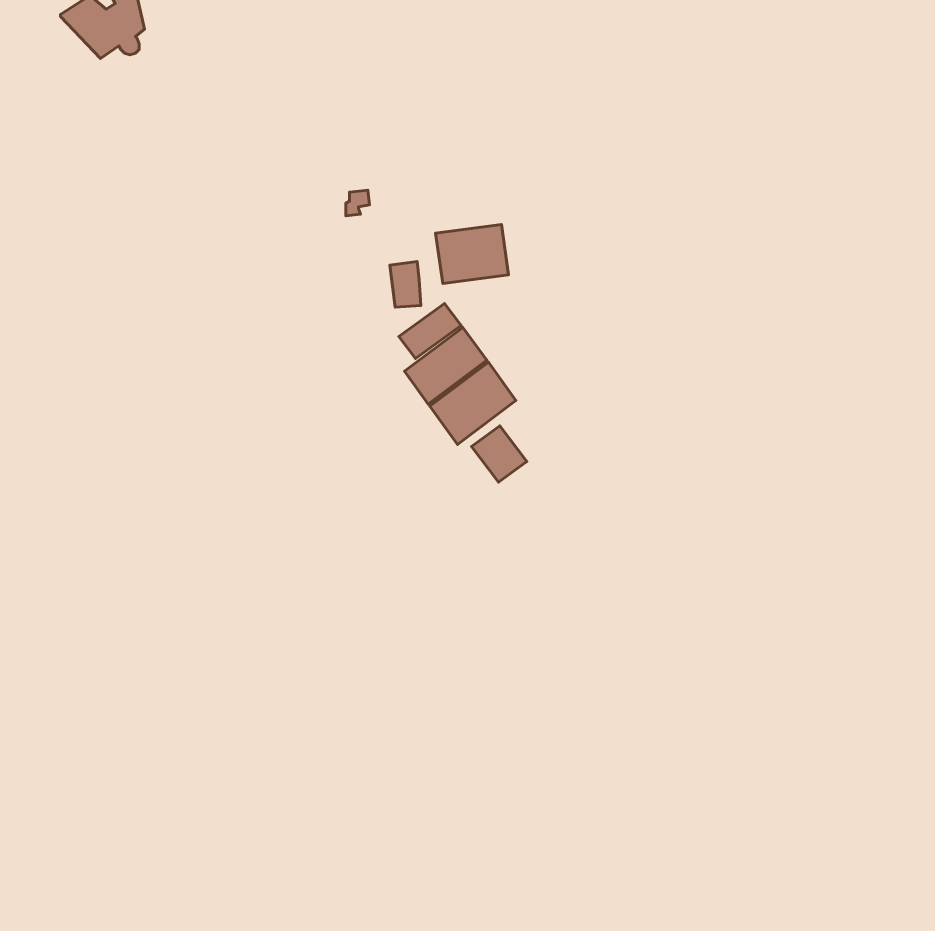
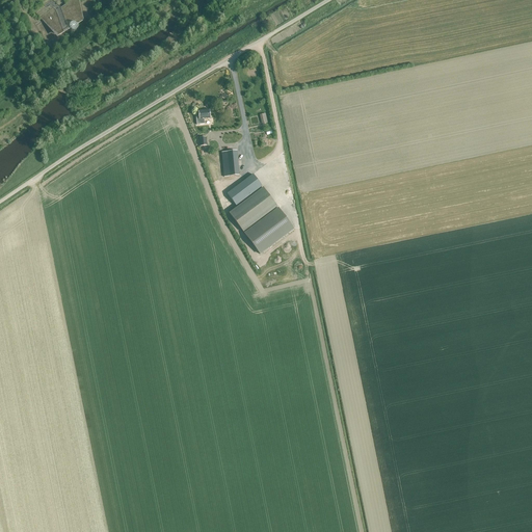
building: [436,225,509,283] -> none
building: [472,426,527,482] -> none

